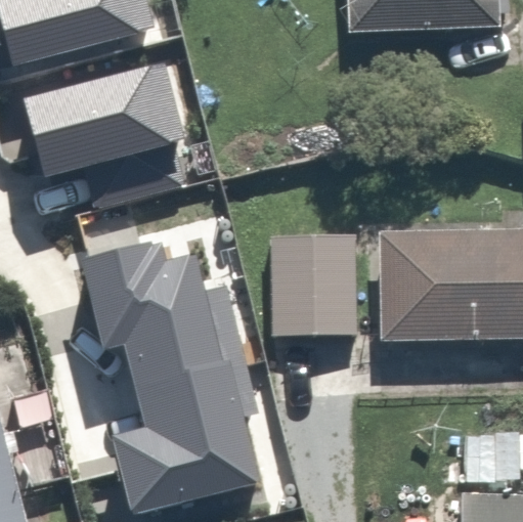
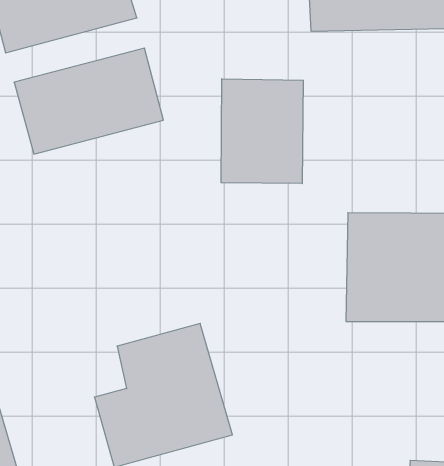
building: none -> [221,79,303,184]
building: [80,234,226,380] -> none
building: [265,236,356,342] -> none

